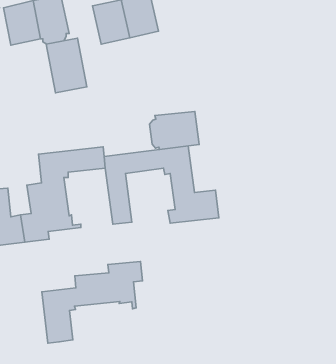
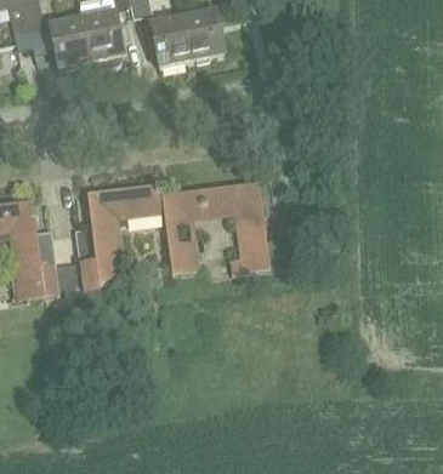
building: [46,38,87,93] -> none
building: [149,112,199,149] -> none
building: [42,262,142,343] -> none

